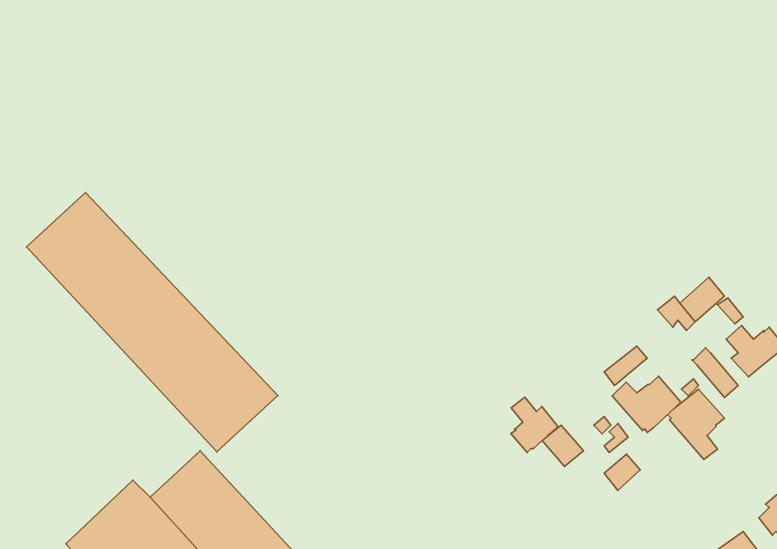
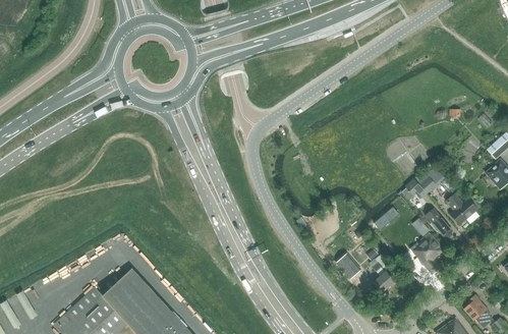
building: [27,192,278,452] -> none
building: [612,376,681,432] -> none
building: [511,397,558,452] -> none

